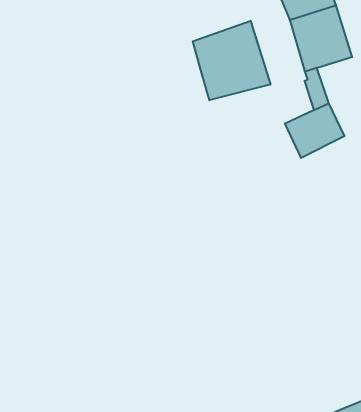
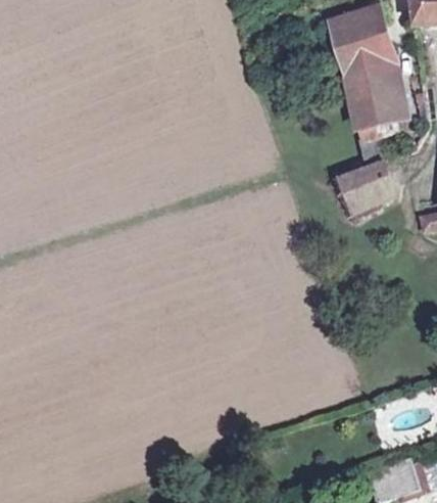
building: [193,21,270,100] -> none

